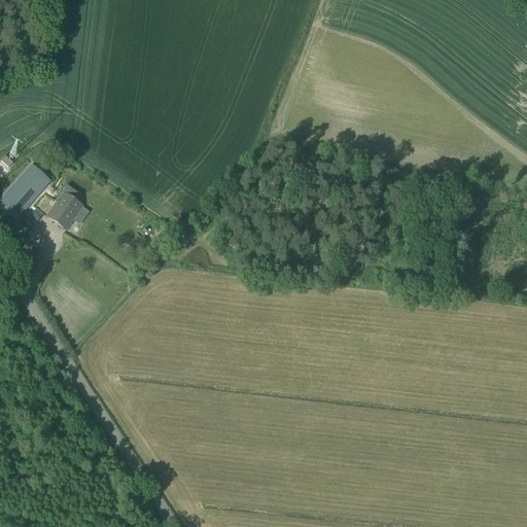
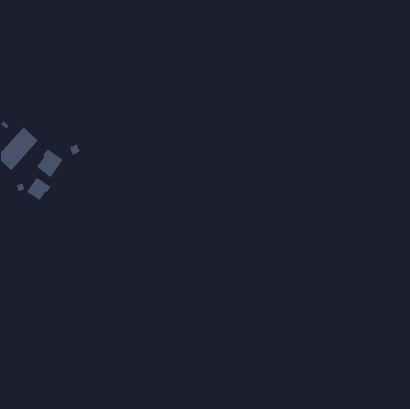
building: none -> [26,177,51,201]

